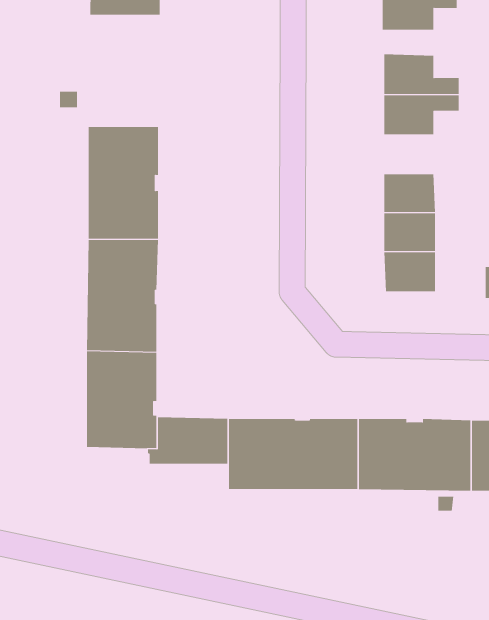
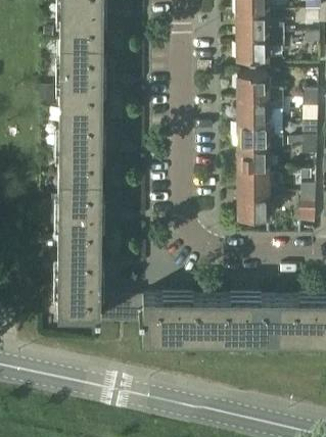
building: none -> [59,52,103,119]
building: none -> [238,125,281,148]

